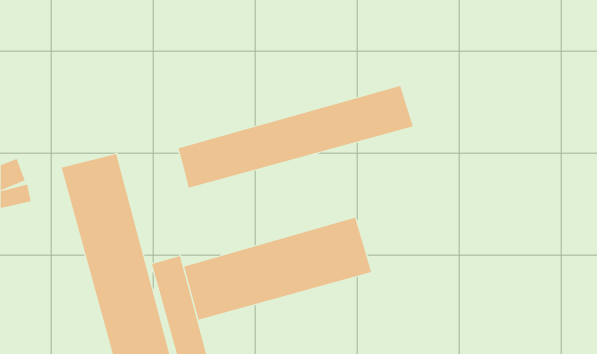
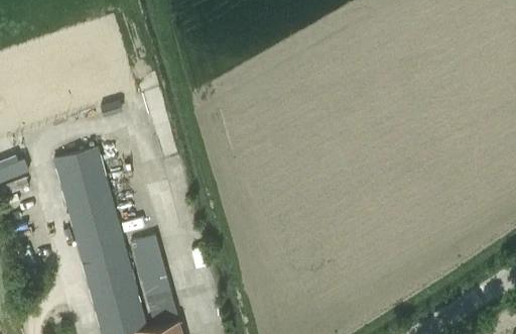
building: [178,85,413,189] -> none
building: [183,217,372,320] -> none

